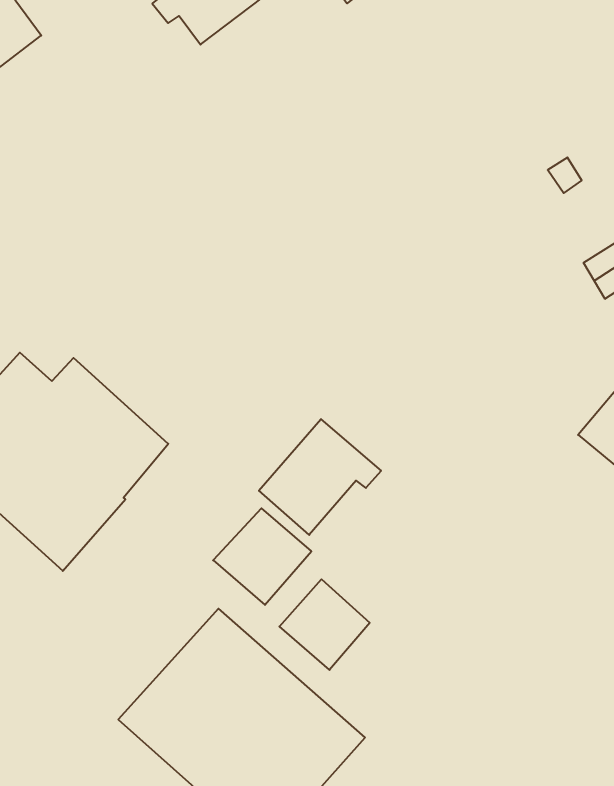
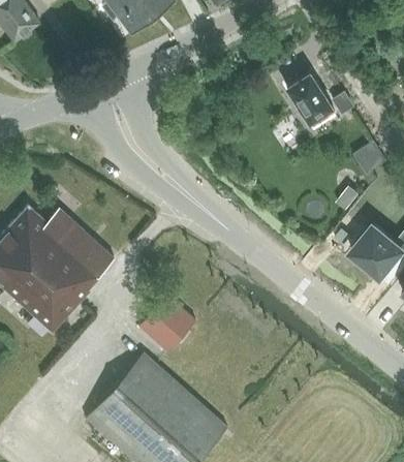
building: none -> [286,73,336,128]
building: [259,419,381,535] -> none
building: [279,579,370,670] -> none

